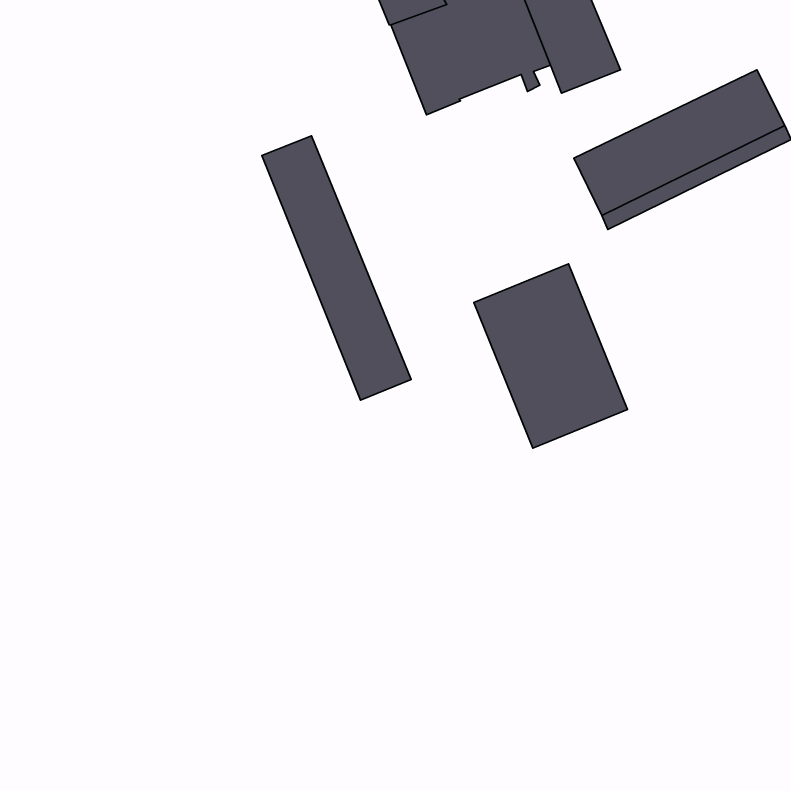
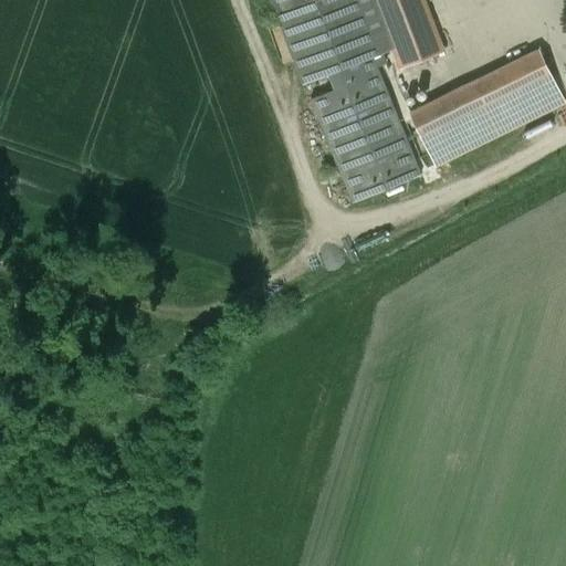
building: [262,136,411,400] -> none
building: [474,264,628,448] -> [311,70,420,201]

